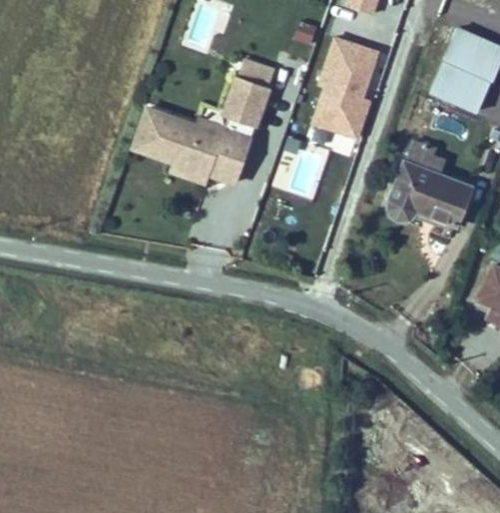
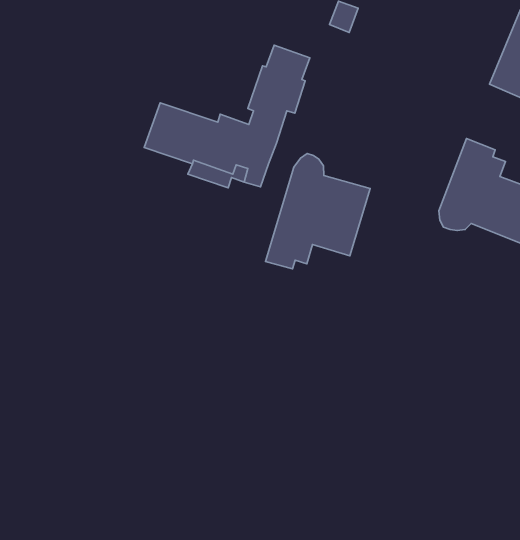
building: [313,38,380,138] -> none
building: none -> [265,153,370,269]

